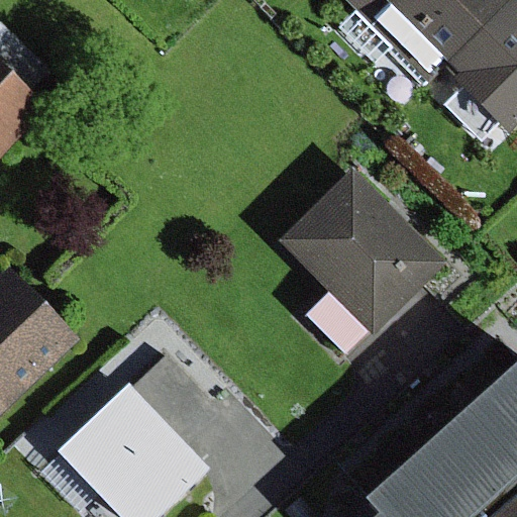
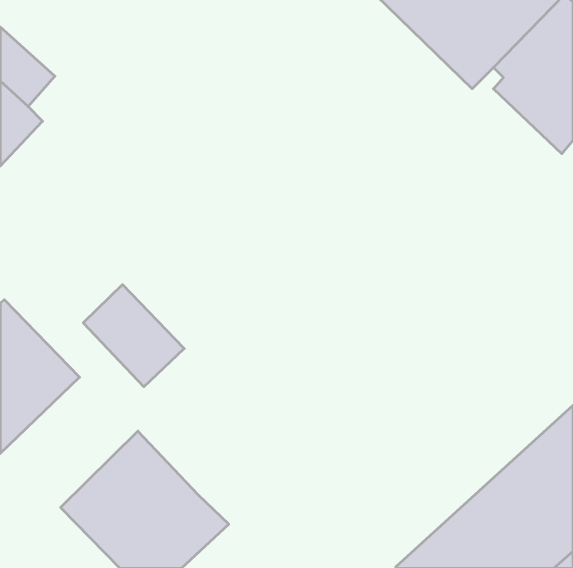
building: [280,171,444,335] -> none
building: [124,353,215,445] -> [83,285,184,387]

